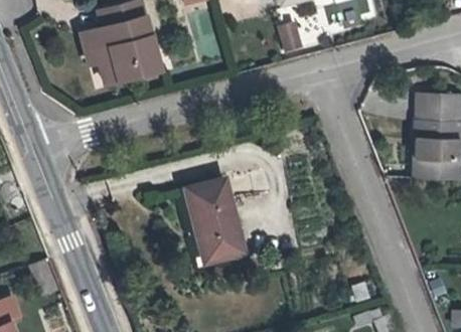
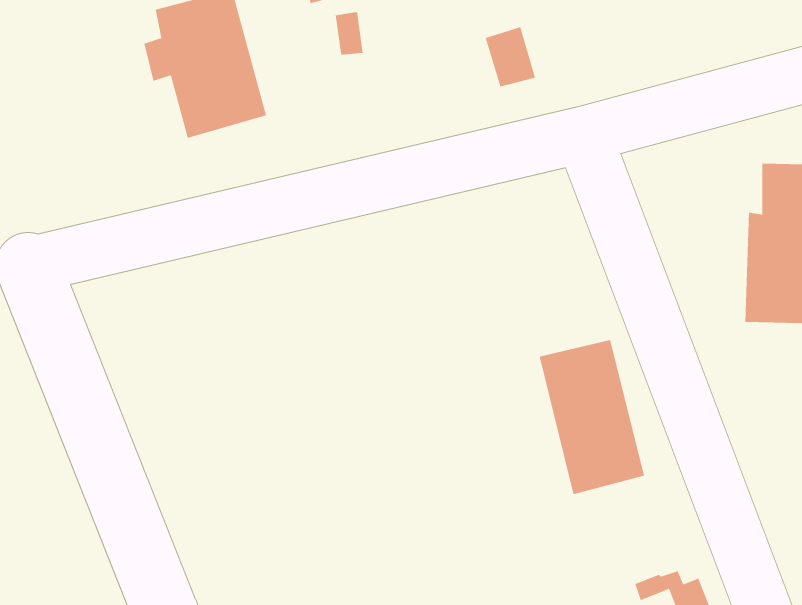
building: [83,29,119,82] -> none
building: [187,179,244,262] -> [539,339,645,495]

